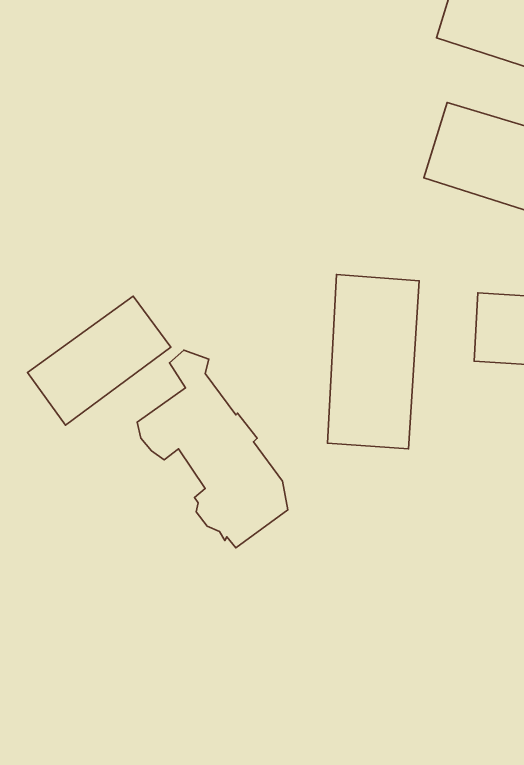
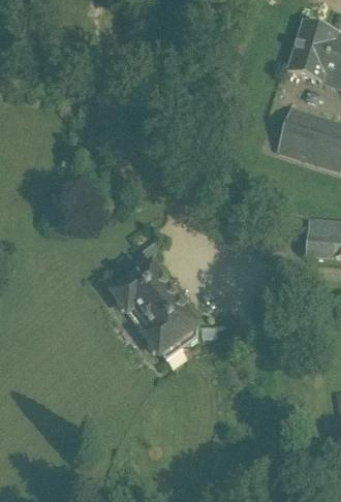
building: [327,275,419,449] -> none
building: [28,296,171,425] -> none

